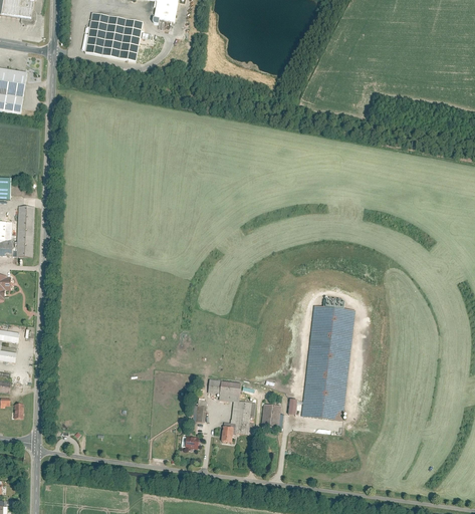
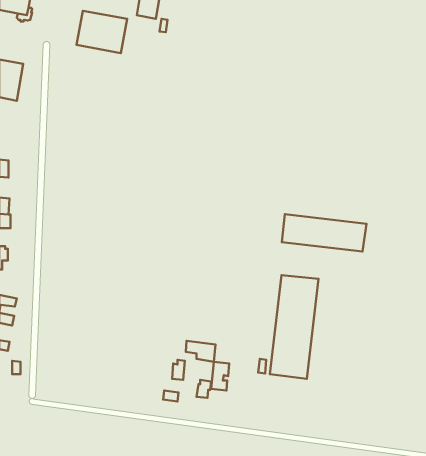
building: [16,205,34,255] -> none
building: none -> [282,214,367,252]
building: [260,405,281,429] -> none

